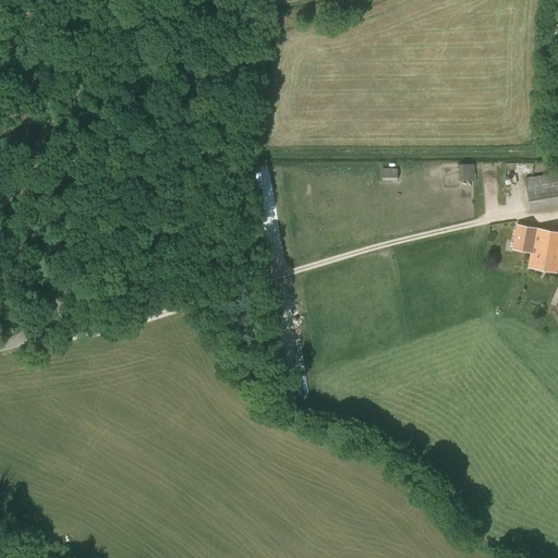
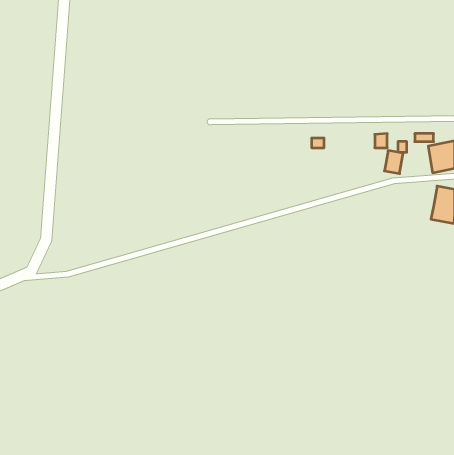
building: [513,225,536,253] -> [384,151,403,174]

